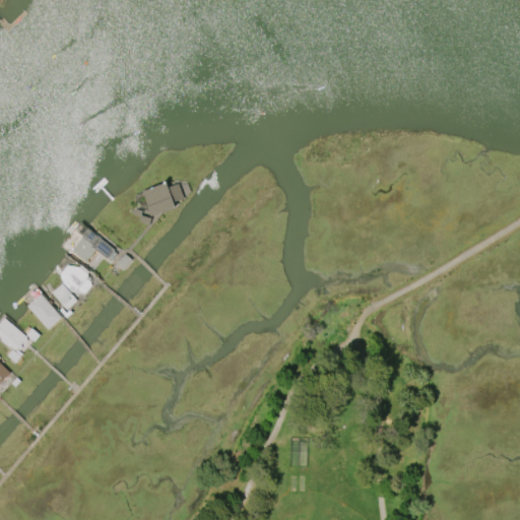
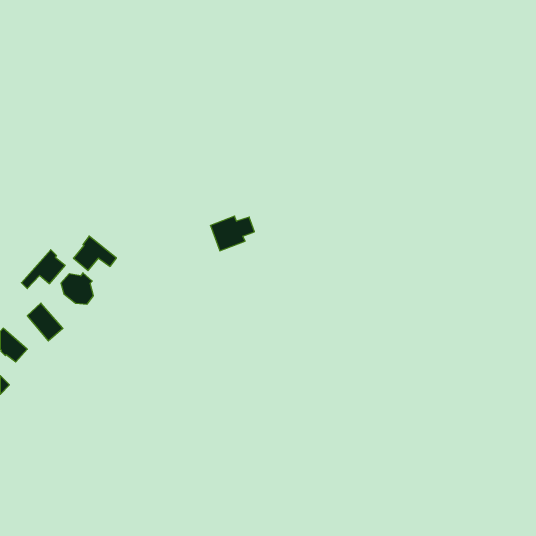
building: [141,183,184,216] -> [210,216,254,251]
building: none -> [21,250,65,289]

